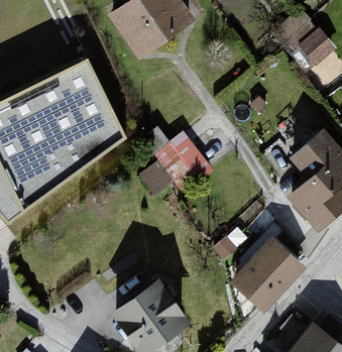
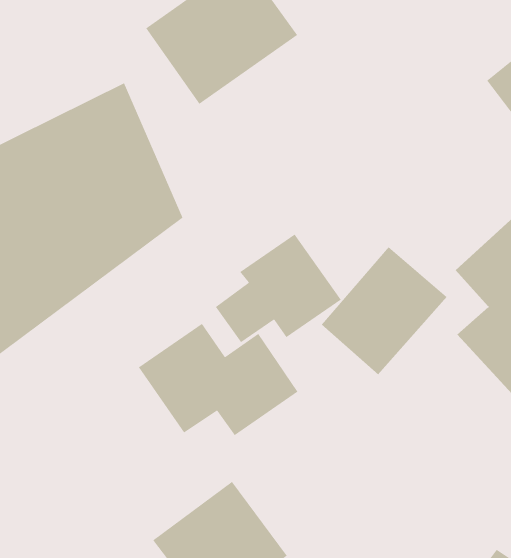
building: none -> [138,323,299,436]
building: [232,240,306,315] -> [321,246,448,375]

